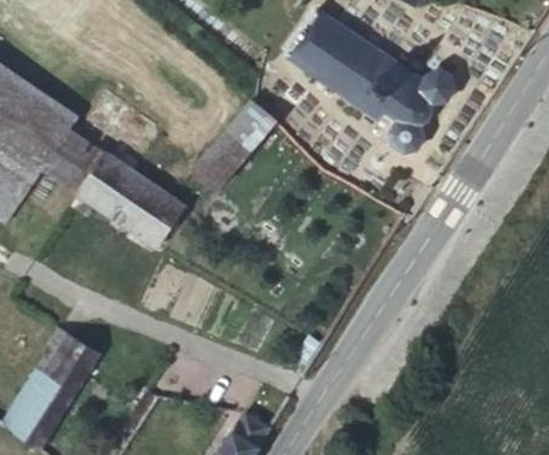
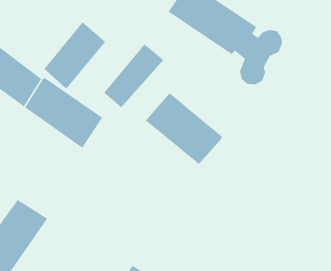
building: none -> [43,21,106,89]
building: none -> [145,92,223,165]

